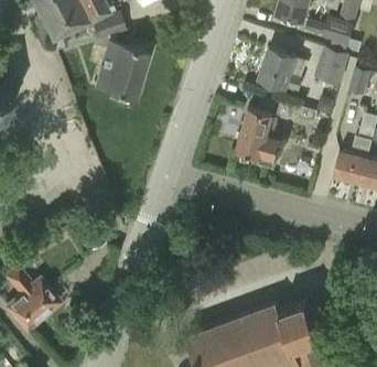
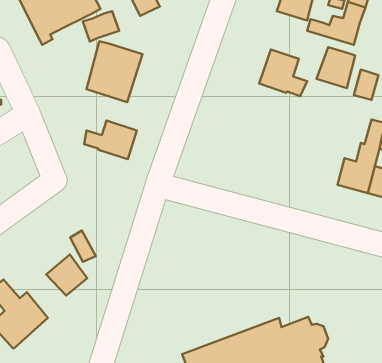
building: [236,97,317,166] -> none
building: none -> [84,121,137,159]
building: none -> [46,255,87,295]

